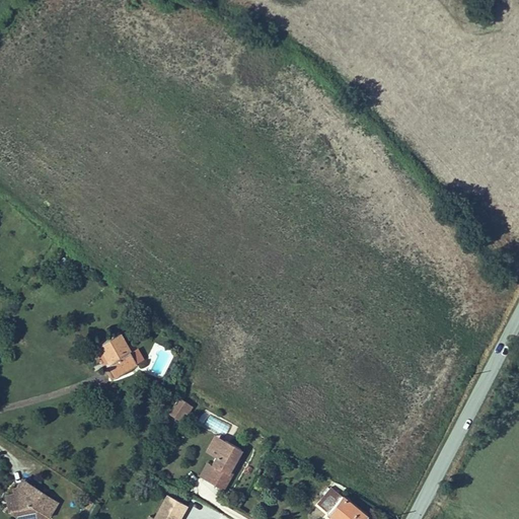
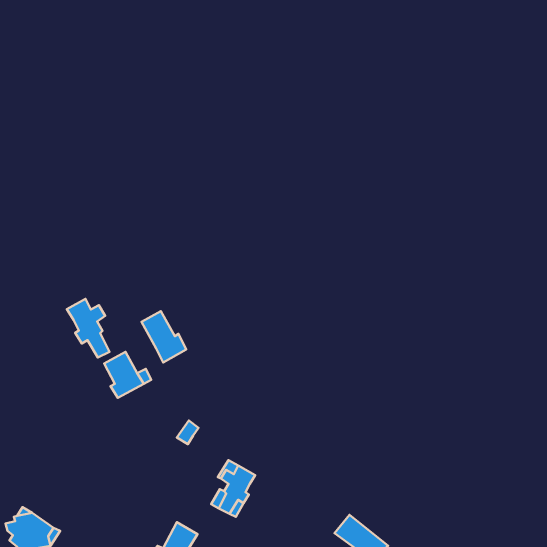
building: none -> [67,299,109,357]
building: none -> [141,311,186,362]

